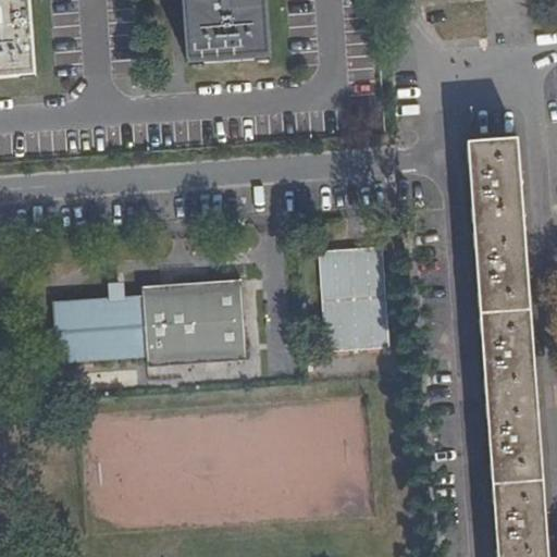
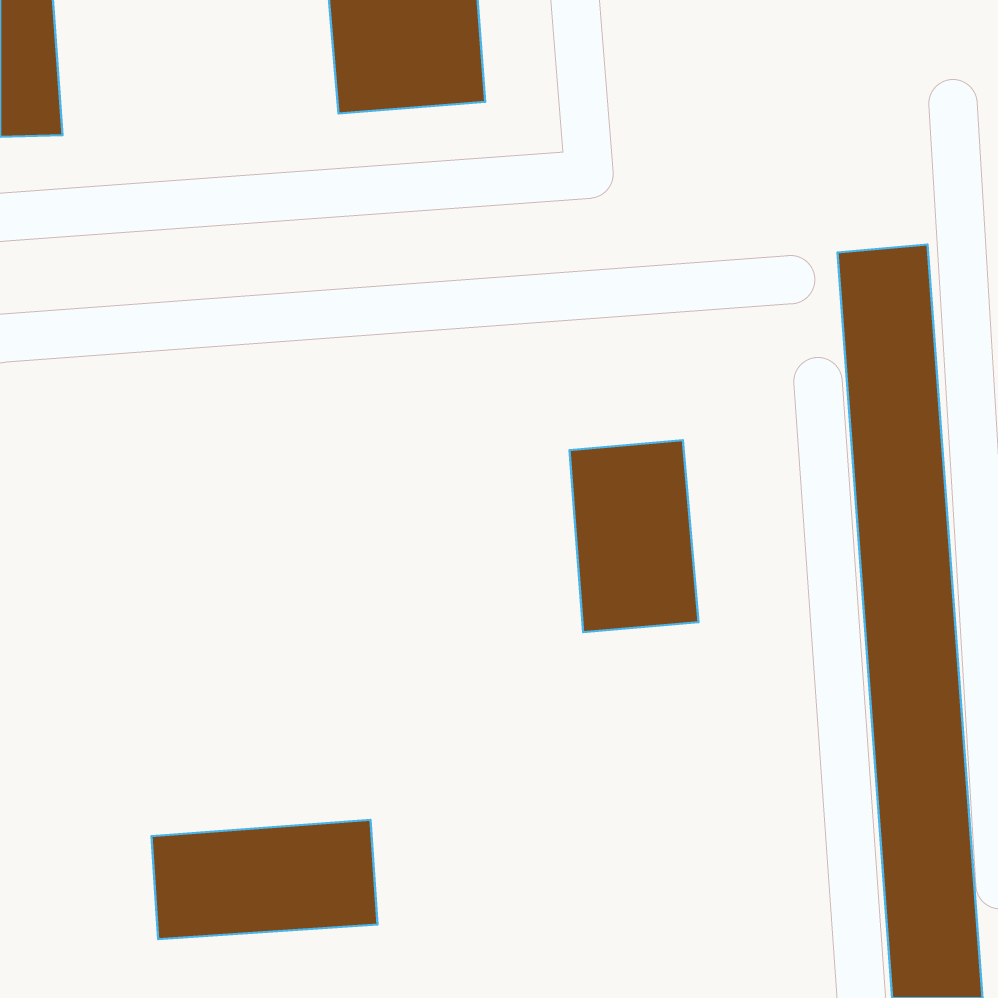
building: [51,277,247,366] -> none
building: none -> [151,820,378,939]

